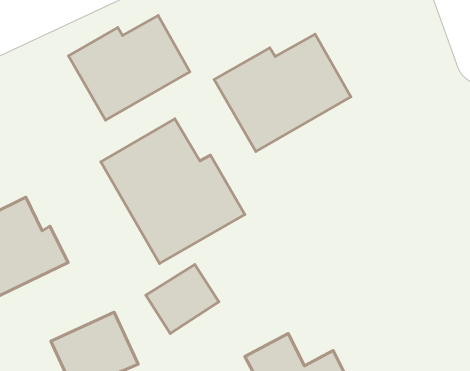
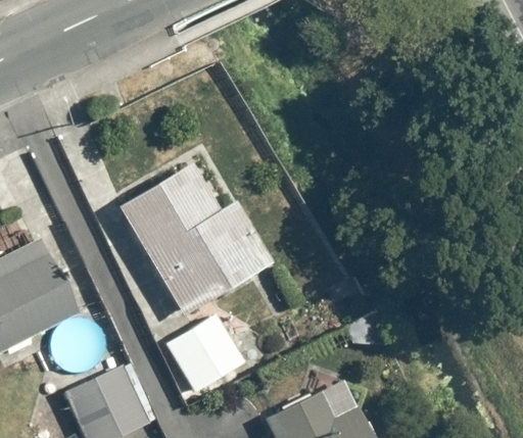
building: [68,16,190,120] -> none
building: [214,34,351,151] -> none

